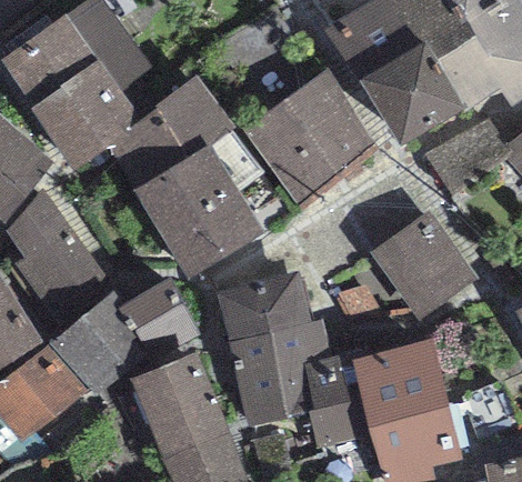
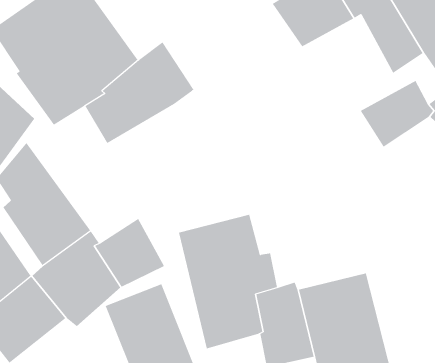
building: [358,41,462,145] -> none
building: [243,68,373,204] -> none
building: [133,129,263,280] -> none
building: [369,210,479,321] -> none

